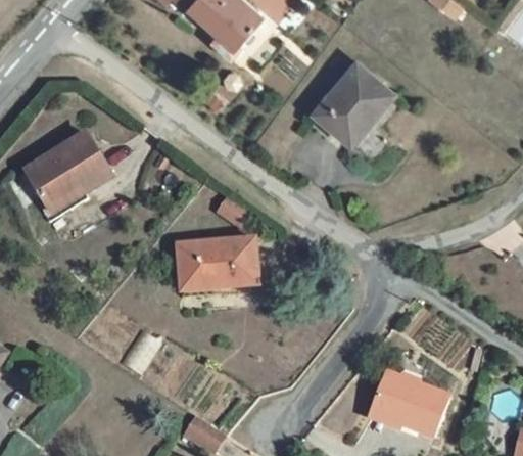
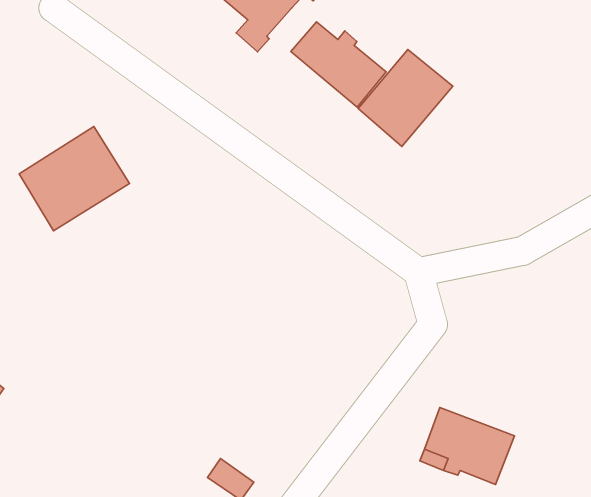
building: none -> [291,22,386,107]
building: [176,238,258,288] -> none

